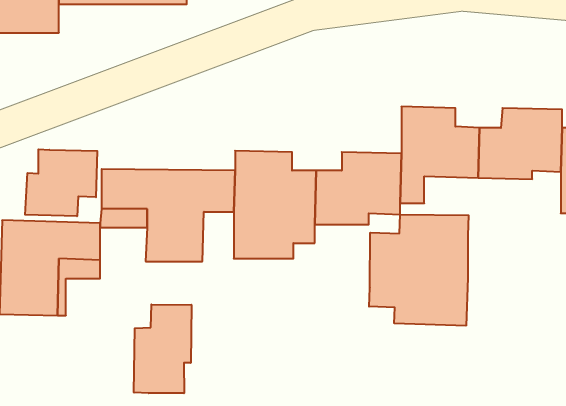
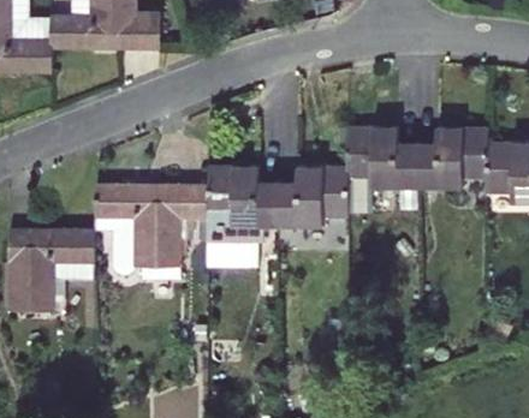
building: [25,149,97,216] -> none
building: [369,215,469,326] -> none
building: [134,304,191,393] -> none

